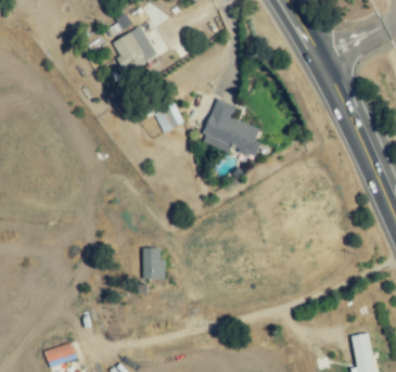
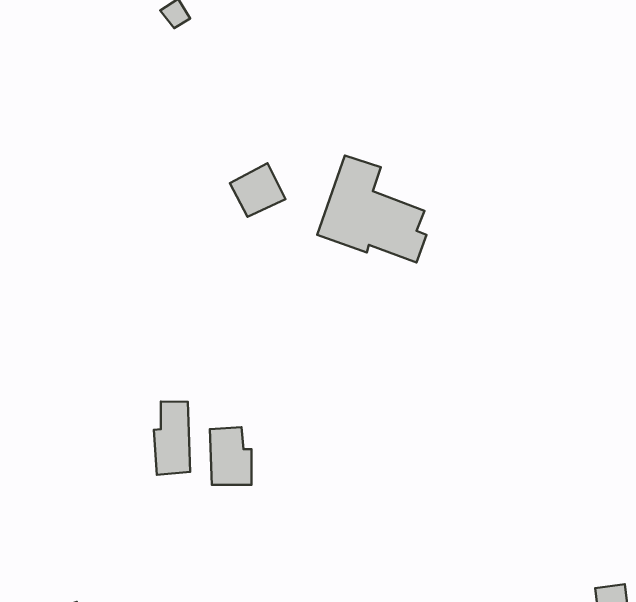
building: [111,27,155,70] -> none
building: none -> [154,402,190,475]

